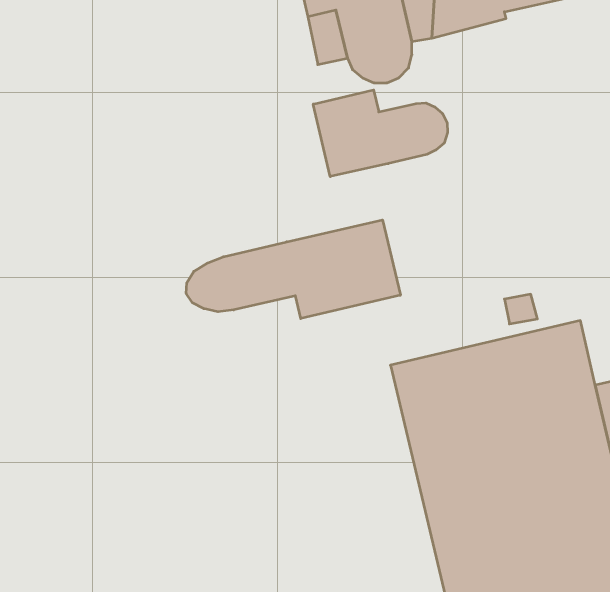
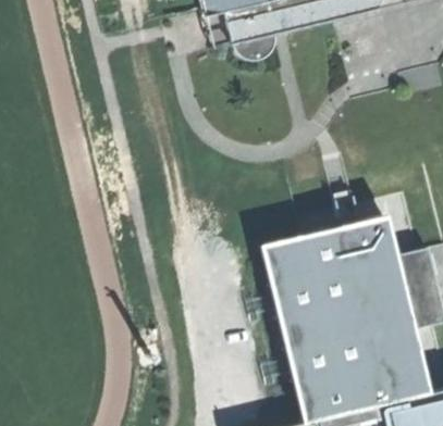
building: [313,90,448,177] -> none
building: [186,220,400,319] -> none

